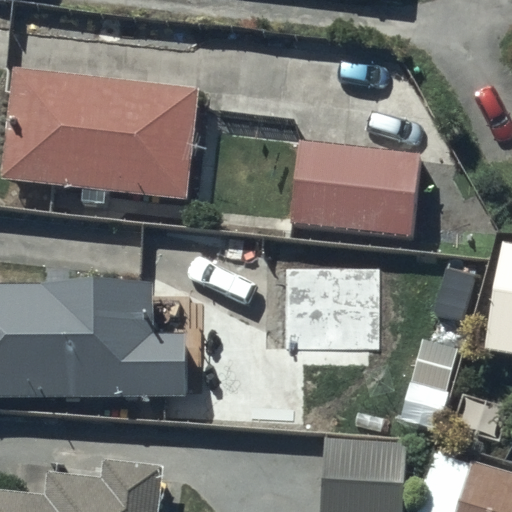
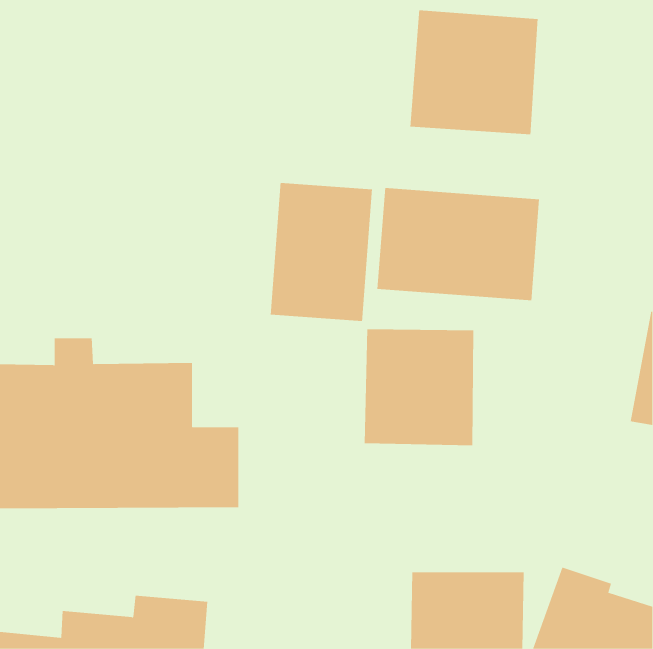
building: none -> [410,10,538,135]
building: [5,72,197,205] -> none
building: none -> [270,182,372,322]

